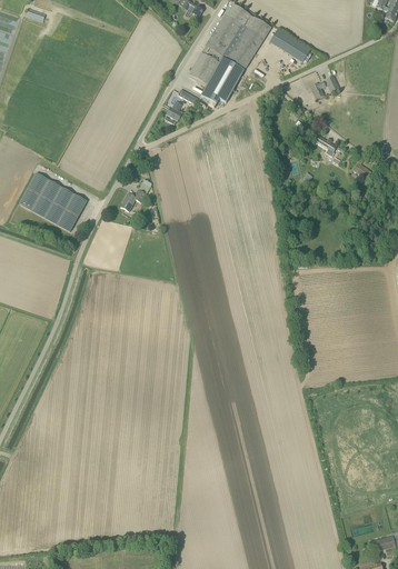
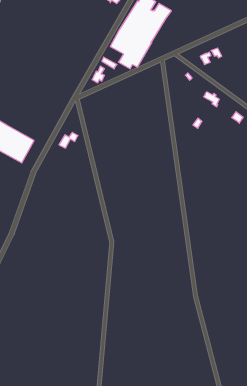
building: [270,28,312,61] -> none

